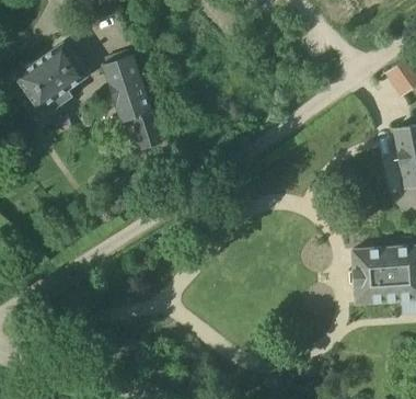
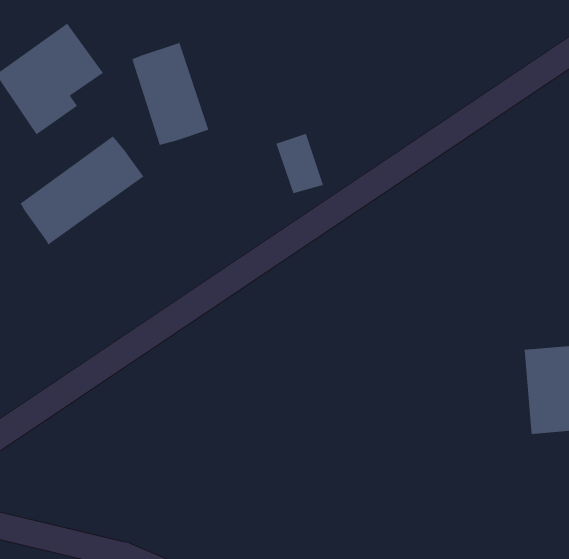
building: [132,112,163,150] -> [275,133,324,194]
building: none -> [20,135,144,245]

